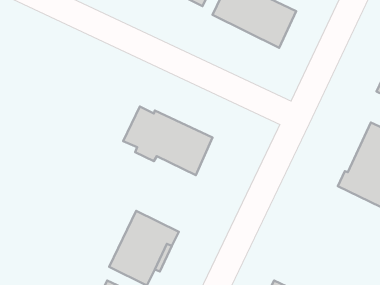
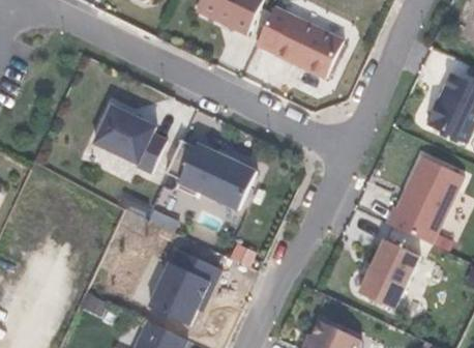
building: none -> [94,106,166,174]
building: none -> [359,239,418,309]

